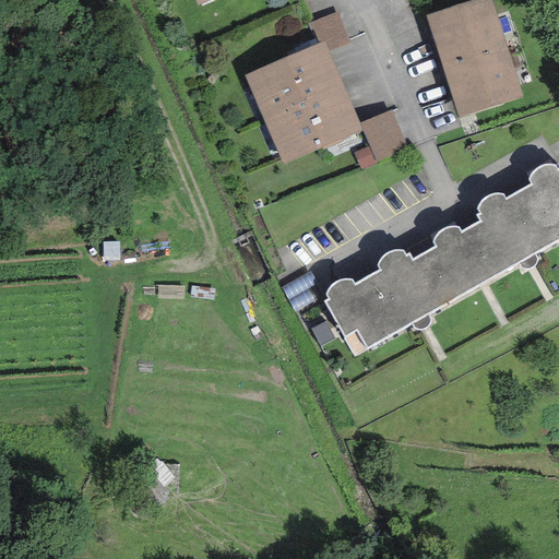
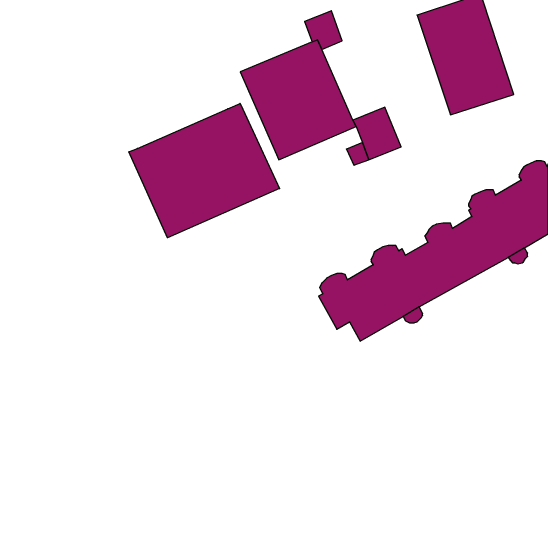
building: none -> [129,103,280,238]

